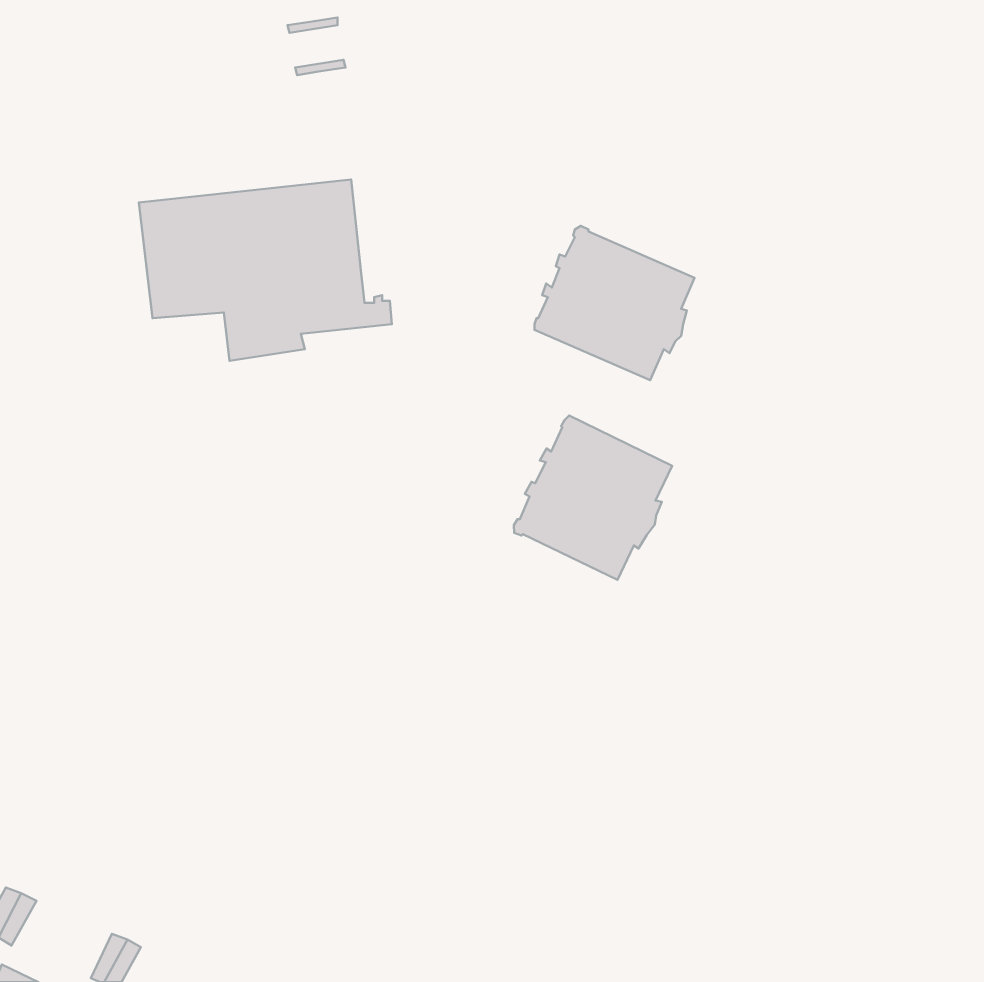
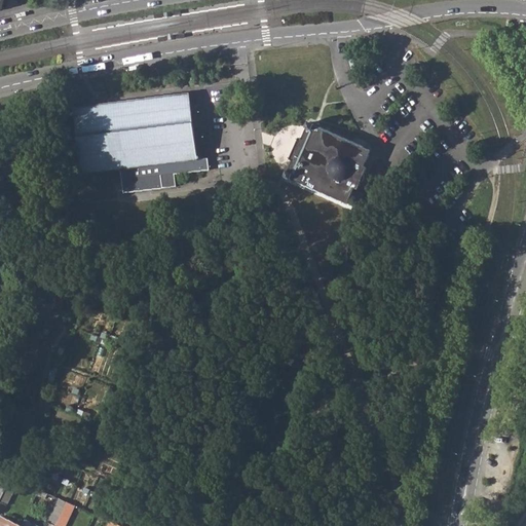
building: [514,416,672,580] -> none

